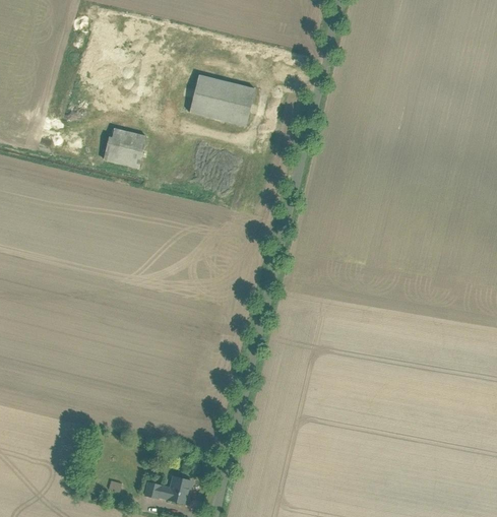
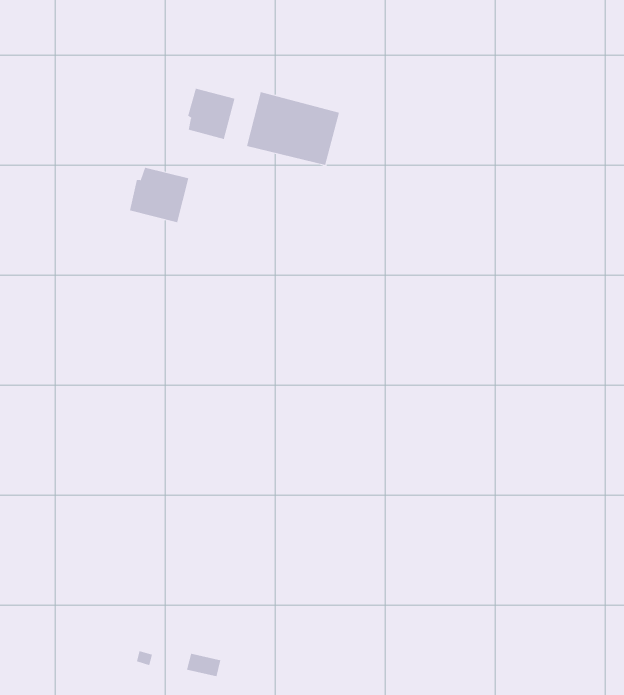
building: none -> [188,88,235,140]
building: [167,475,191,504] -> none

